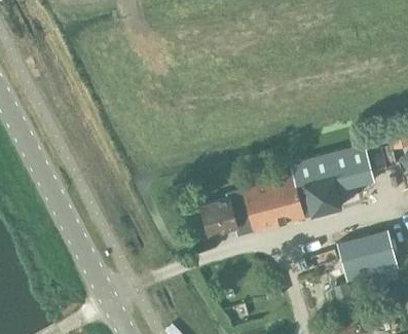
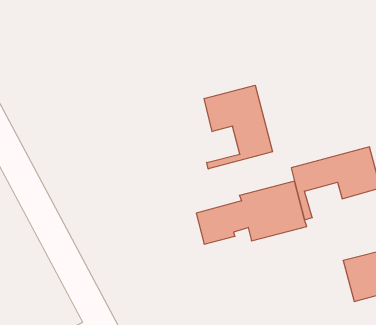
building: none -> [204,85,272,169]
building: [303,177,341,214] -> none

